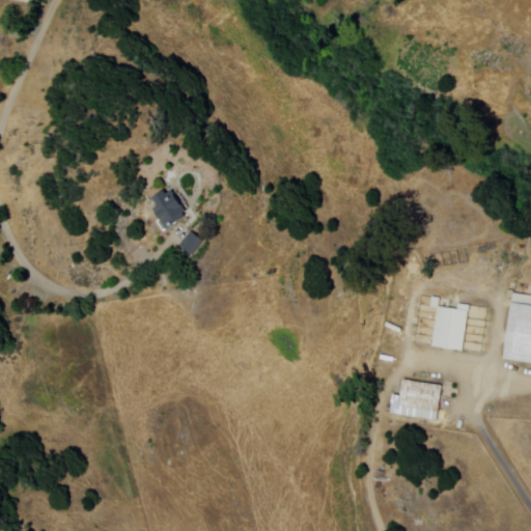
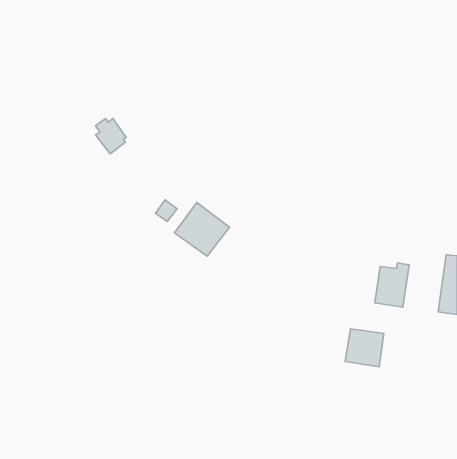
building: [150,189,186,229] -> [96,119,126,154]
building: none -> [175,202,230,256]

